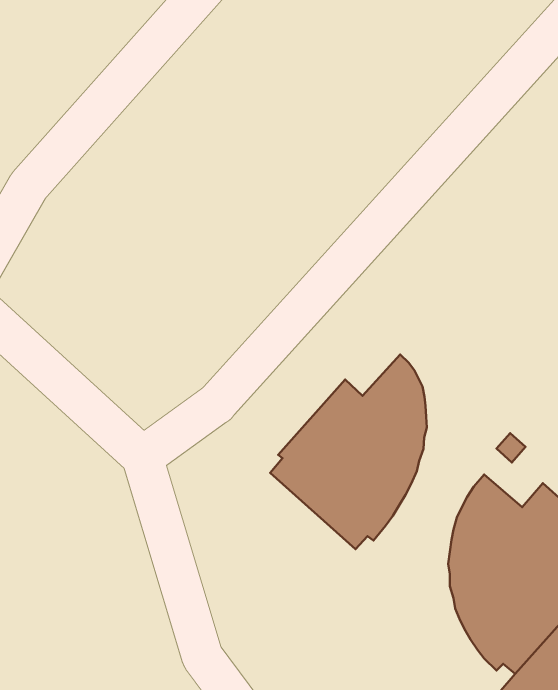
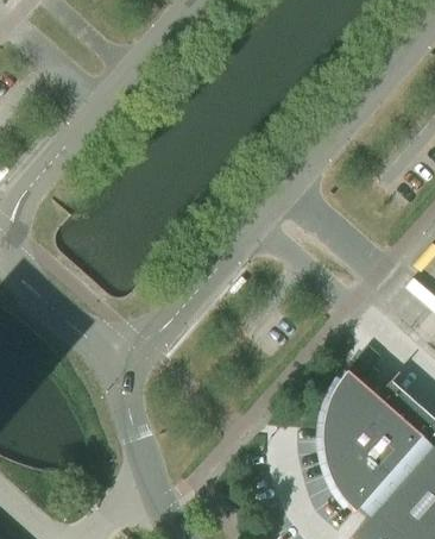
building: [270,355,427,549] -> none

